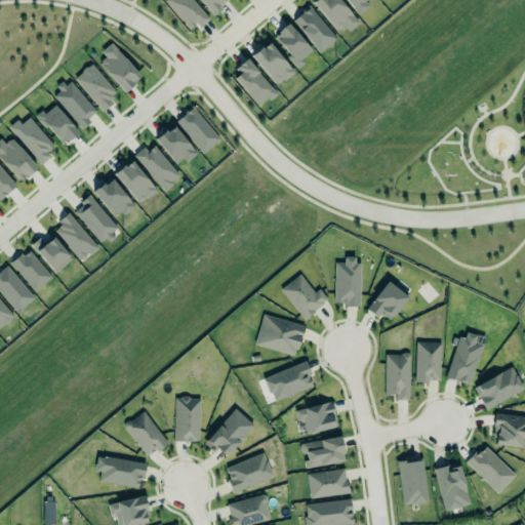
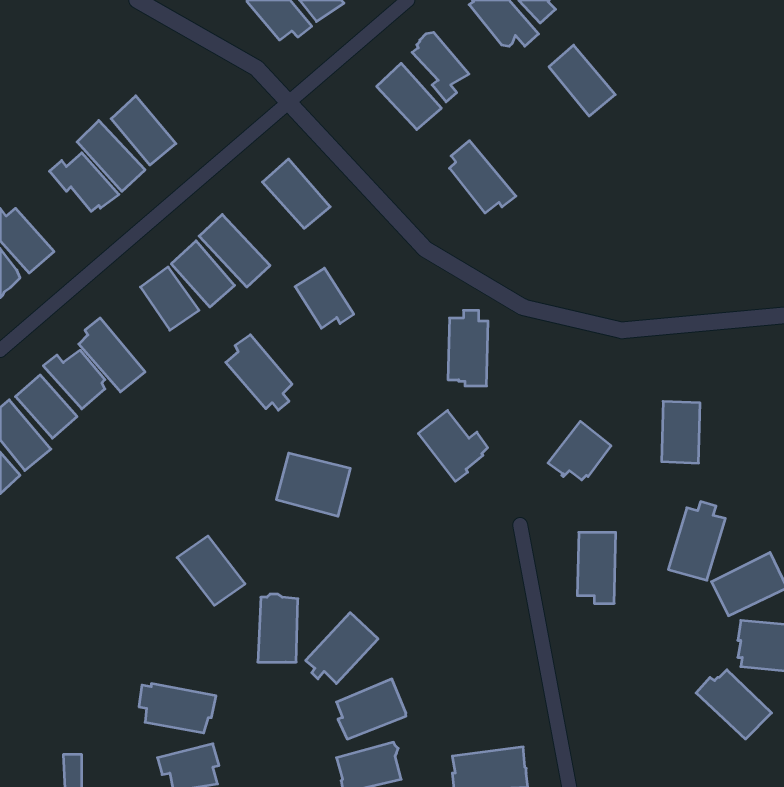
building: [295,7,339,54] -> [549,45,615,116]
building: [102,44,144,93] -> none
building: [237,56,281,105] -> [449,141,516,213]
building: [11,119,58,163] -> none
building: [159,126,198,166] -> [295,268,354,328]
building: [75,194,119,244] -> [226,335,292,410]
building: [334,256,361,307] -> [448,310,488,386]
building: [257,316,307,358] -> [276,453,350,516]
building: [417,342,443,383] -> [662,401,700,463]
building: [264,361,312,401] -> none
building: [296,402,340,436] -> none
building: [125,412,170,458] -> [177,536,245,605]
building: [301,435,345,469] -> none
building: [398,457,431,506] -> none
building: [435,462,472,512] -> none
building: [308,469,351,498] -> none

